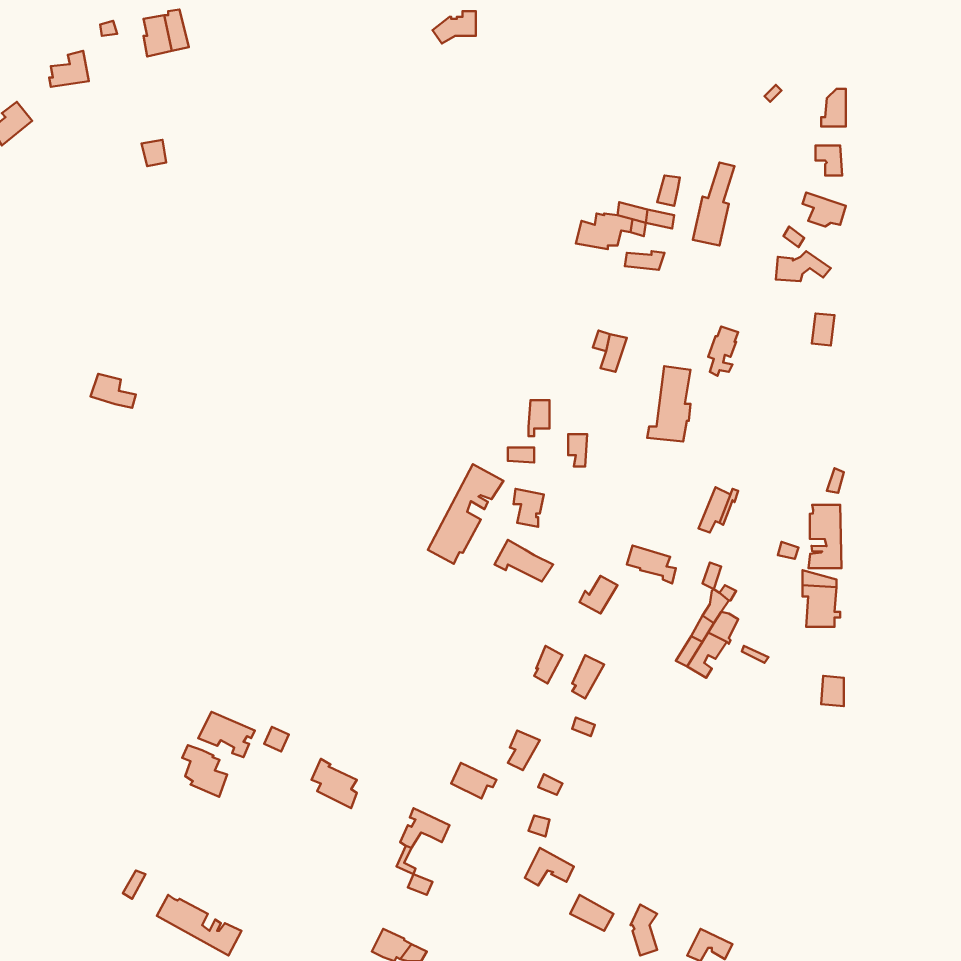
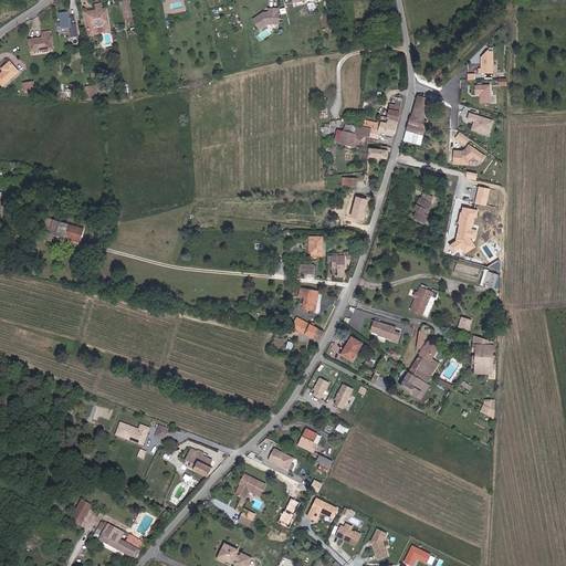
building: [647,366,691,442] -> [451,205,476,249]
building: [428,464,504,564] -> none
building: [808,505,841,568] -> none
building: [182,745,227,797] -> none

